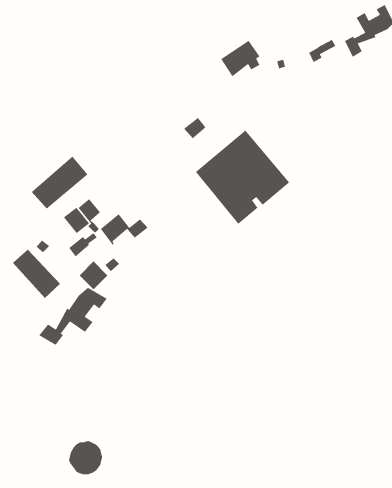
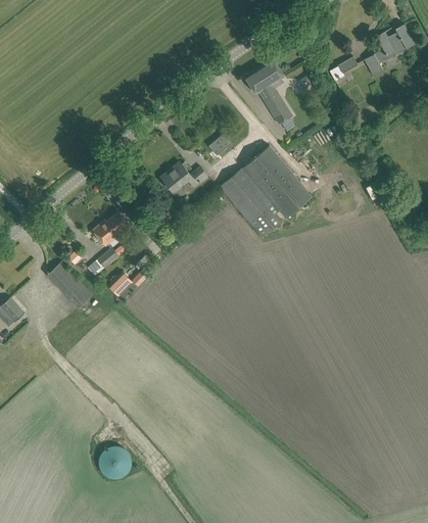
building: none -> [258,83,293,125]
building: [31,156,88,209] -> none
building: [100,213,148,246] -> [161,161,208,193]
building: [38,287,108,346] -> none

